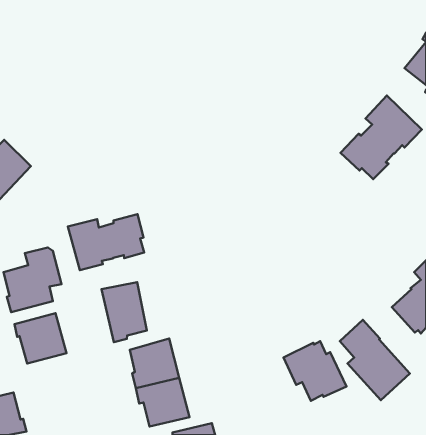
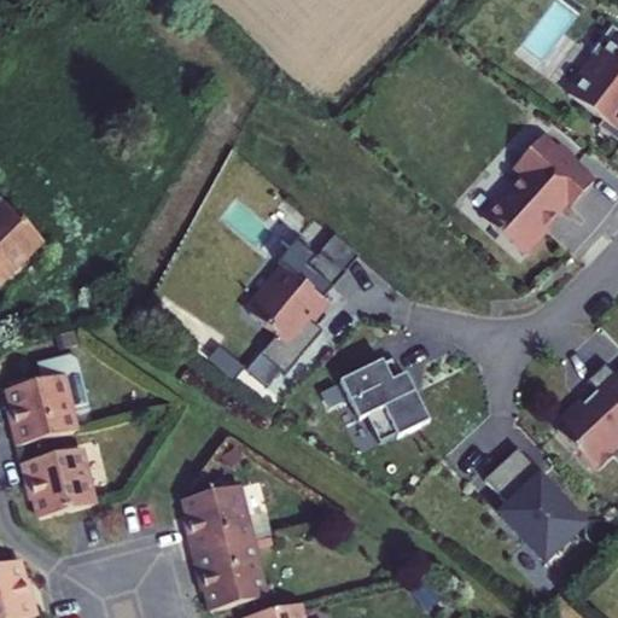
building: none -> [244,238,356,387]
building: [68,214,144,270] -> none
building: [102,282,147,342] -> none
building: [283,341,347,401] -> [337,361,426,445]

